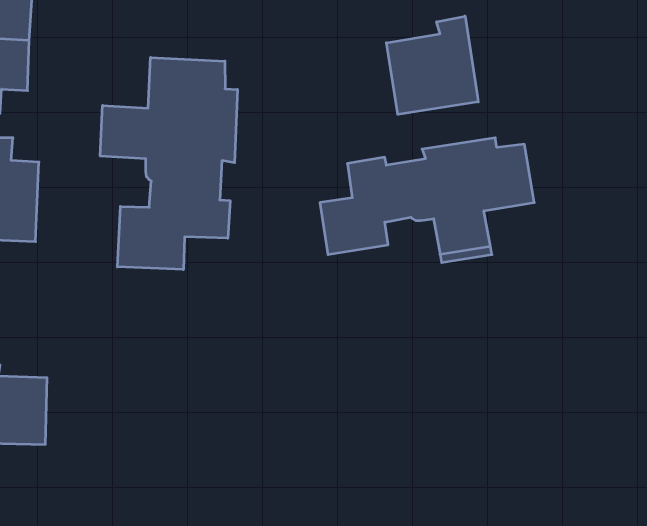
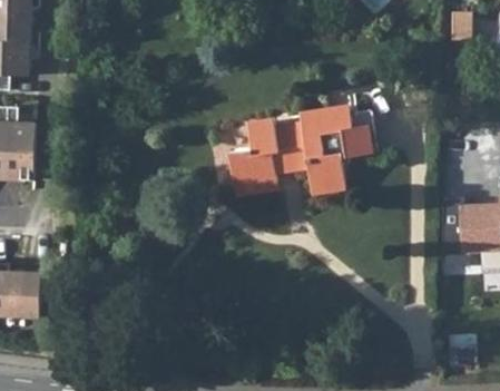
building: [386,16,478,114] -> none
building: [100,57,237,270] -> none

